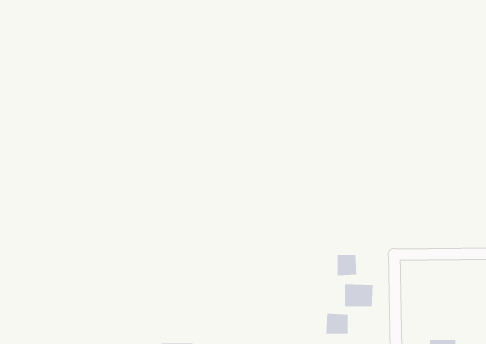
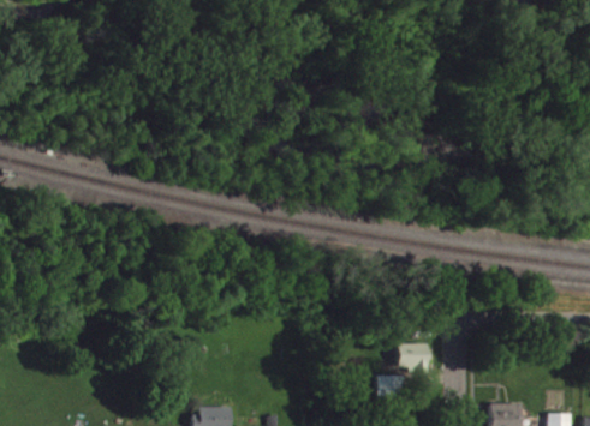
building: [337,254,357,276] -> none

